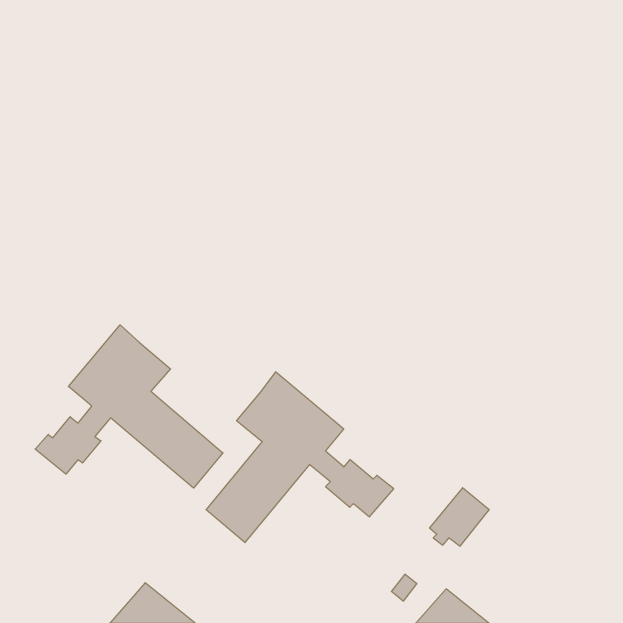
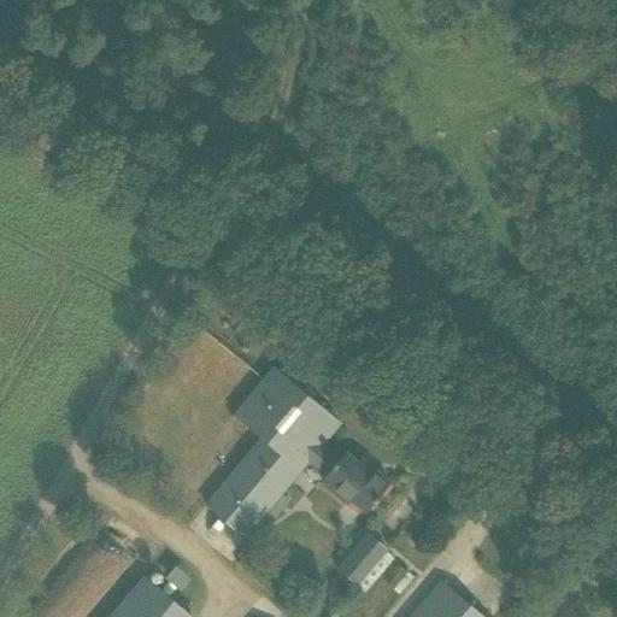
building: [35,325,223,488] -> none
building: [430,488,489,546] -> [335,534,394,592]

